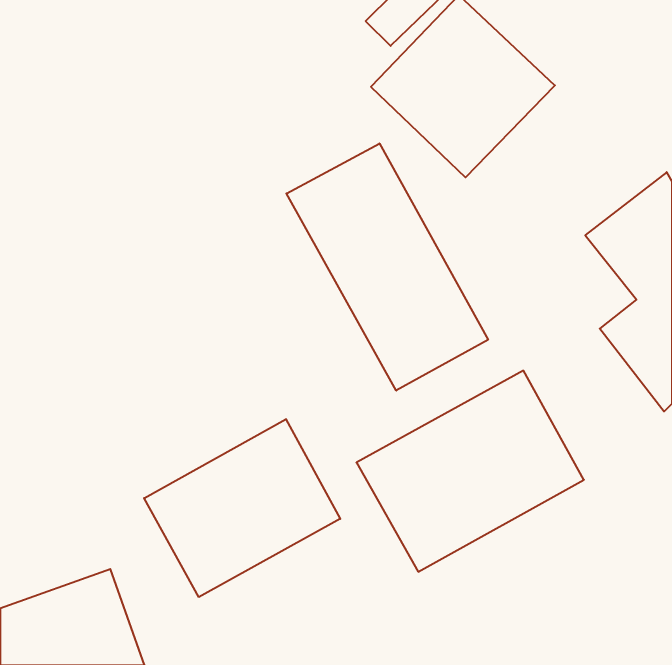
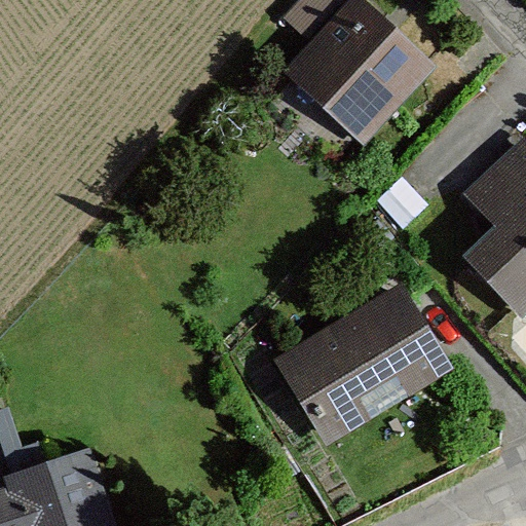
building: [286,143,488,391] -> none
building: [144,419,340,597] -> none

